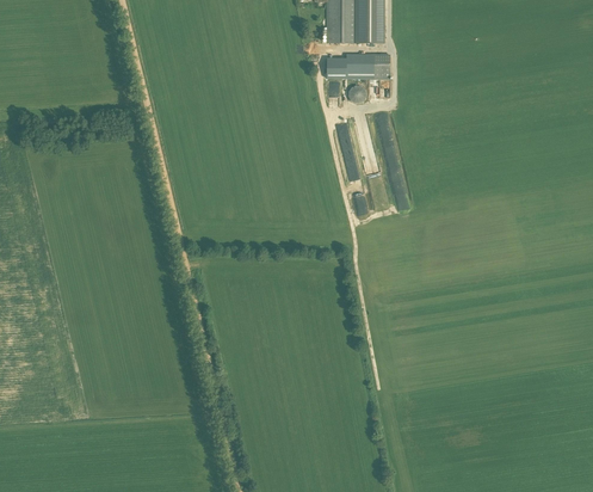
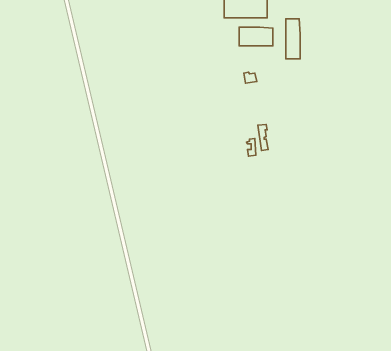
building: none -> [286,19,300,59]

